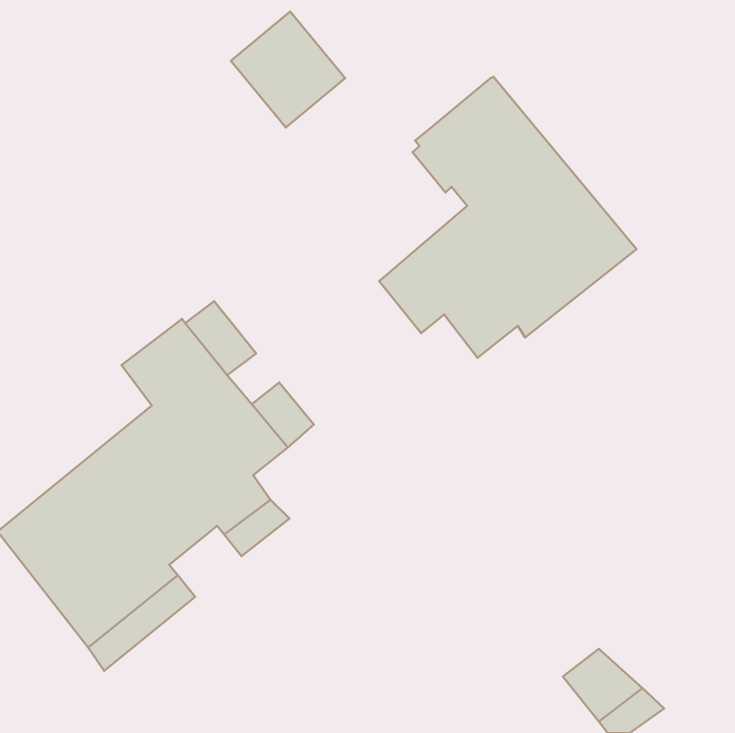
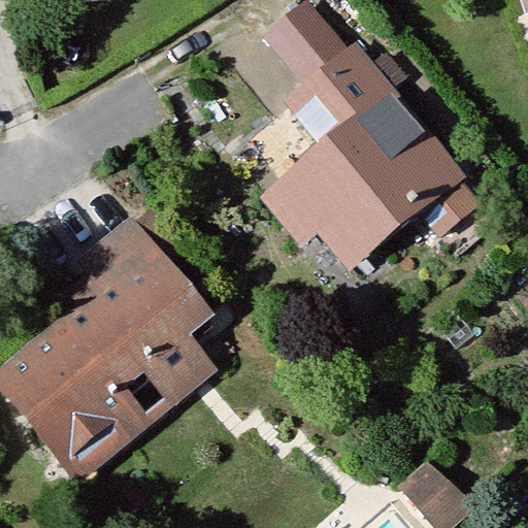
building: [231,11,345,127] -> [268,8,350,91]

